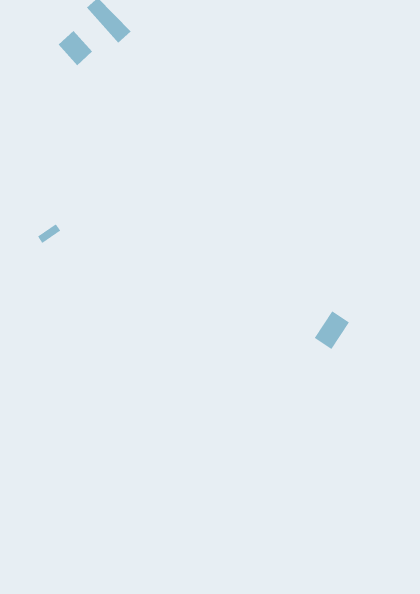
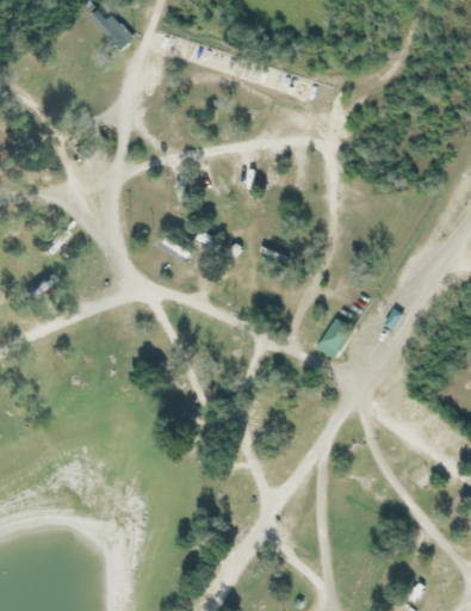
building: [58,30,93,66] -> none

